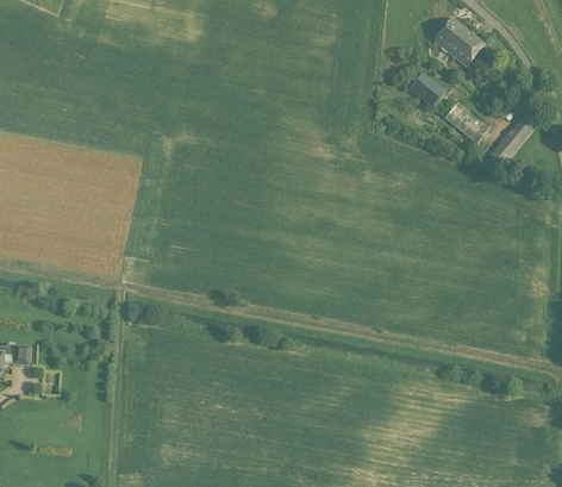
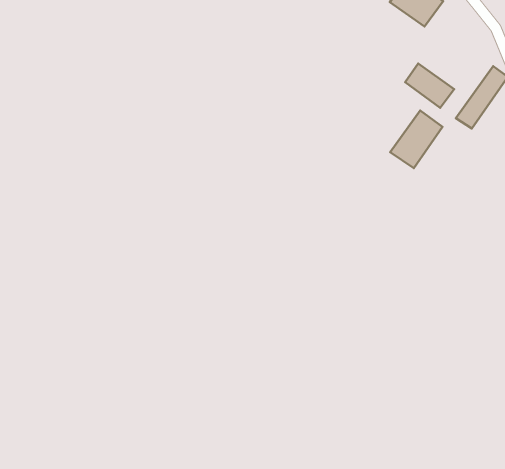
building: [408,71,447,107] -> none
building: none -> [390,110,442,168]

